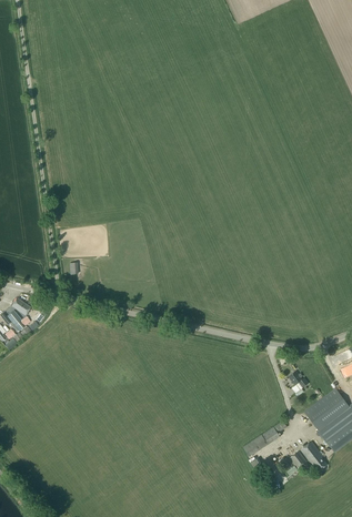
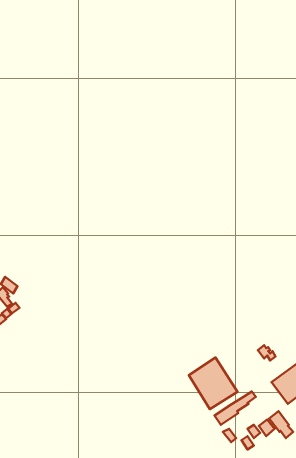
building: none -> [189,358,238,409]

